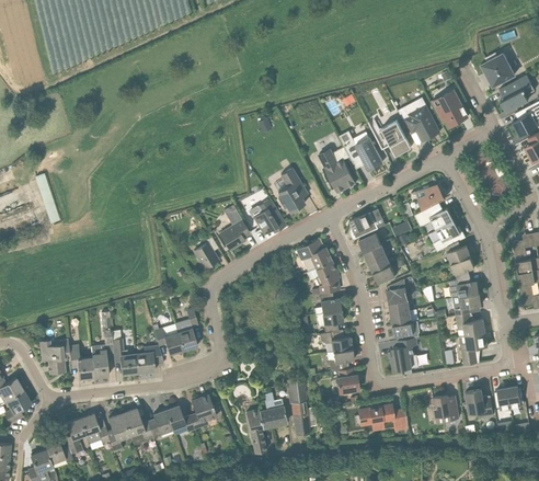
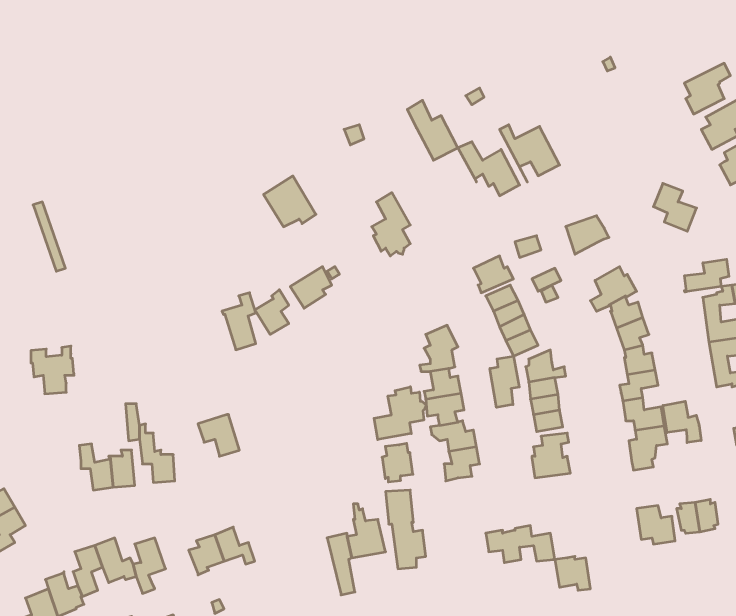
building: [481,51,515,85] -> none
building: [432,89,468,126] -> none
building: [398,103,439,139] -> none
building: [319,148,355,191] -> [407,100,458,160]
building: [250,197,287,233] -> [264,176,316,227]
building: [414,202,454,229] -> none
building: none -> [684,259,729,292]
building: [296,240,331,267] -> none
building: none -> [490,356,519,407]
building: none -> [374,387,426,440]
building: [173,309,197,350] -> [222,293,256,350]
building: none -> [663,401,701,443]
building: [39,337,70,371] -> [31,346,74,394]
building: [136,346,163,371] -> none
building: [336,367,358,394] -> [382,443,413,482]
building: [190,394,216,428] -> none
building: [433,394,458,419] -> [555,556,590,590]
building: [123,406,153,440] -> none

